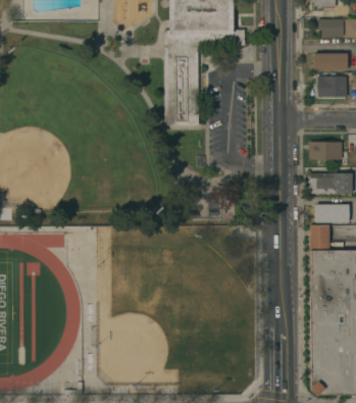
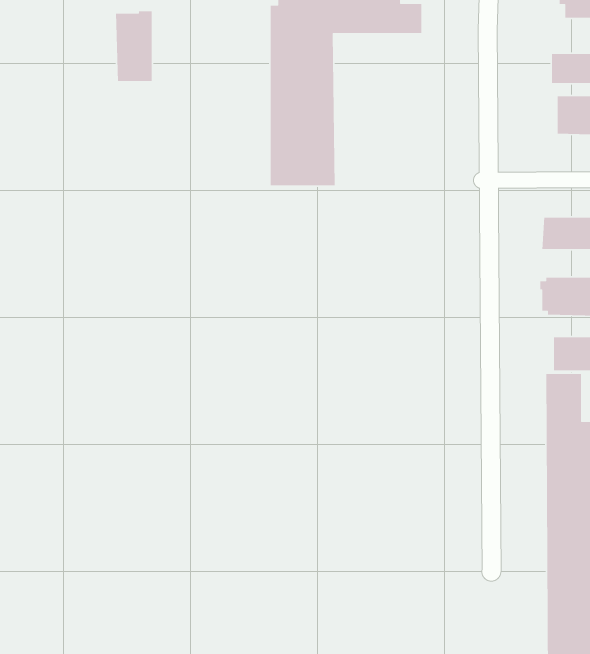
building: none -> [115,11,152,82]

